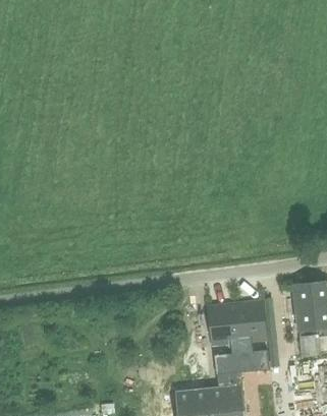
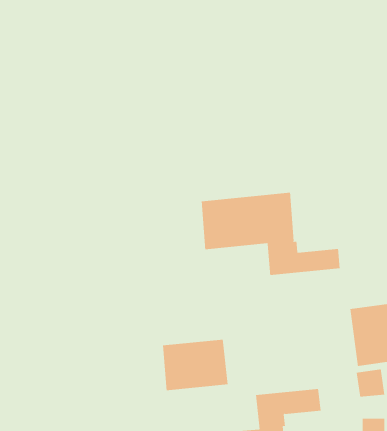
building: none -> [201,192,340,276]
building: [210,303,265,346] -> [162,339,228,391]

